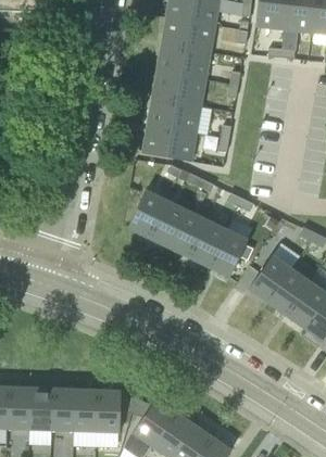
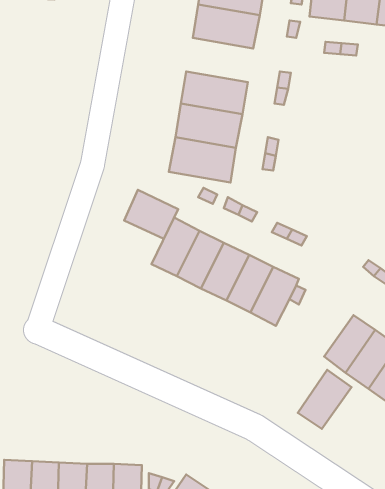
building: [156,43,211,79] -> none
building: none -> [124,190,178,239]
building: [249,254,292,302] -> [298,370,351,429]

